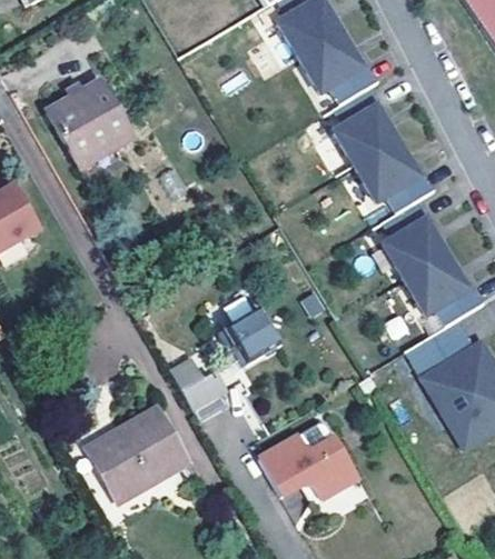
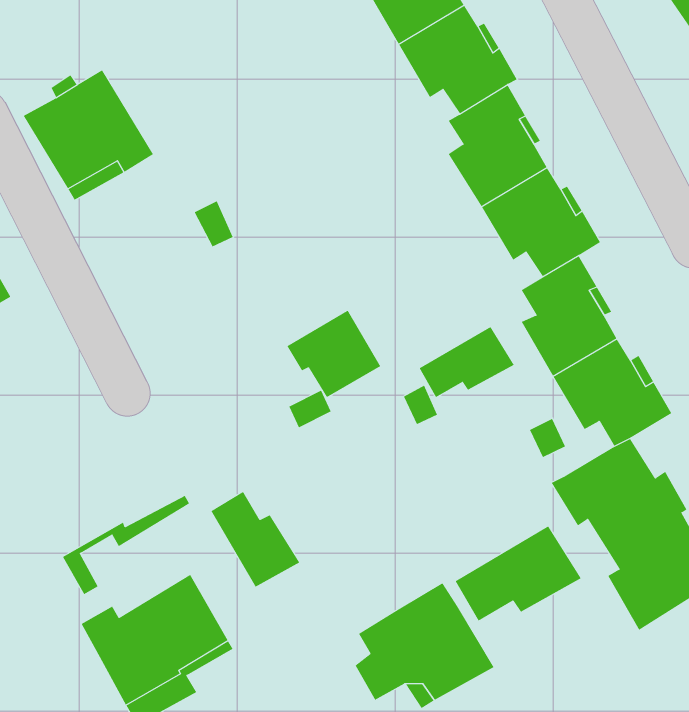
building: none -> [419,326,514,398]
building: [221,306,285,365] -> [287,310,381,398]
building: none -> [455,526,581,622]
building: [73,407,159,473] -> [62,495,190,595]

